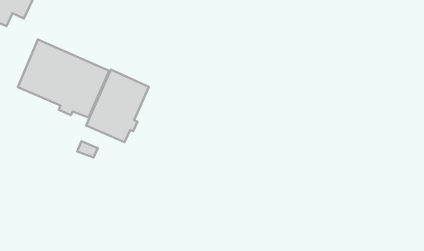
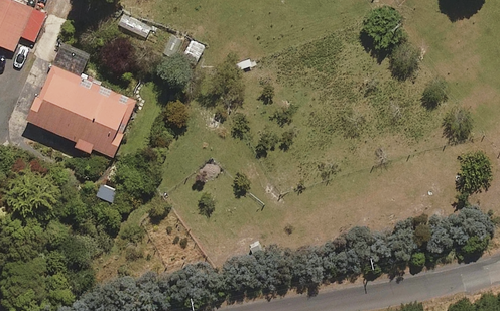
building: [86,69,149,142] -> none

